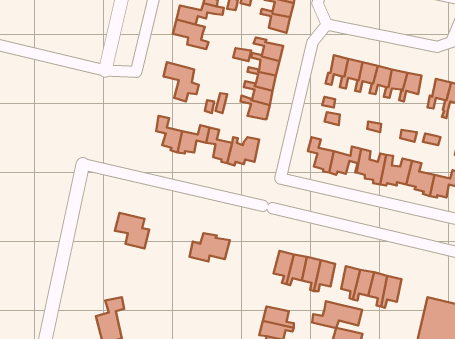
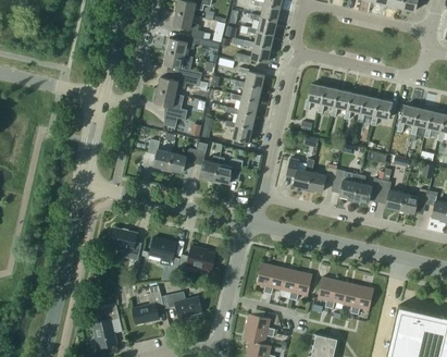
building: none -> [158,73,194,94]
building: none -> [149,236,179,271]
building: none -> [132,291,163,323]
building: none -> [166,291,202,318]
building: [312,301,362,328] -> none

